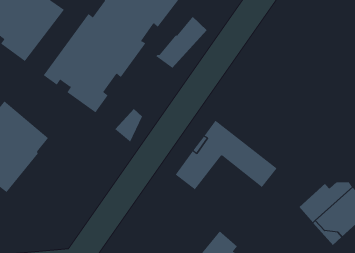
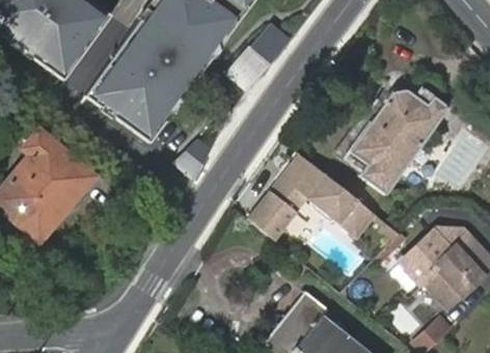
building: none -> [335,74,451,194]

